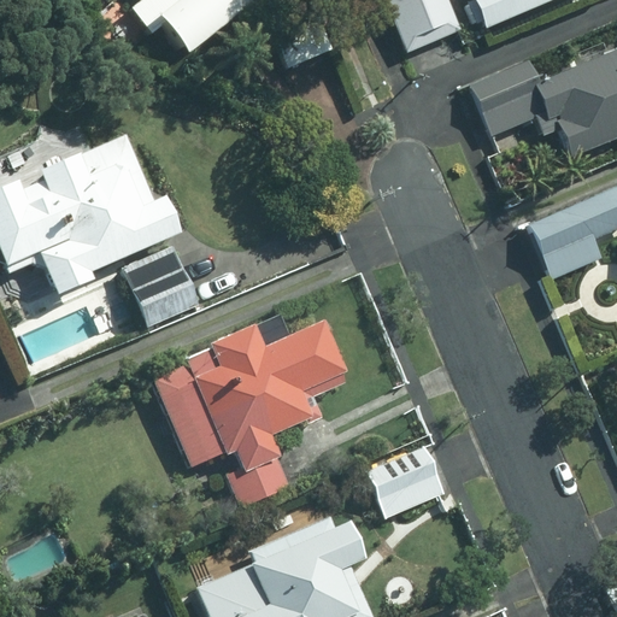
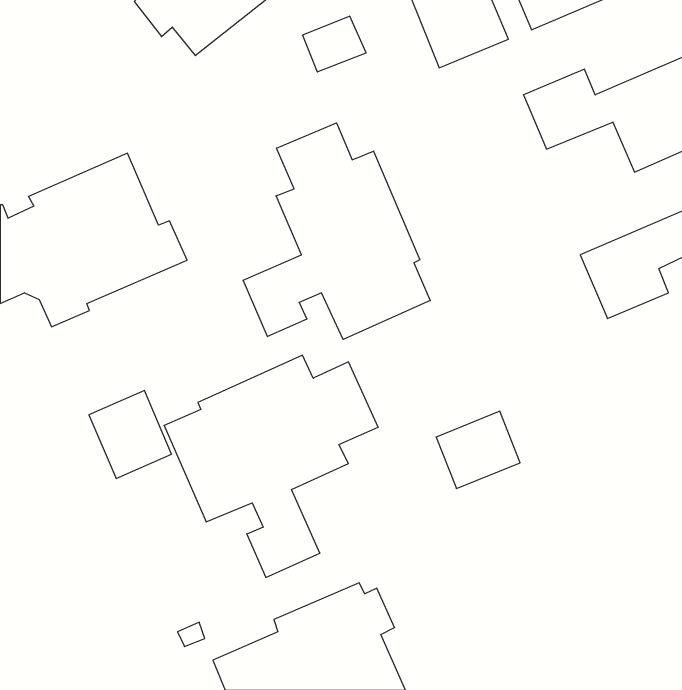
building: none -> [243,123,430,339]
building: [125,246,199,324] -> [89,390,172,478]
building: [369,447,443,516] -> [436,411,520,489]

